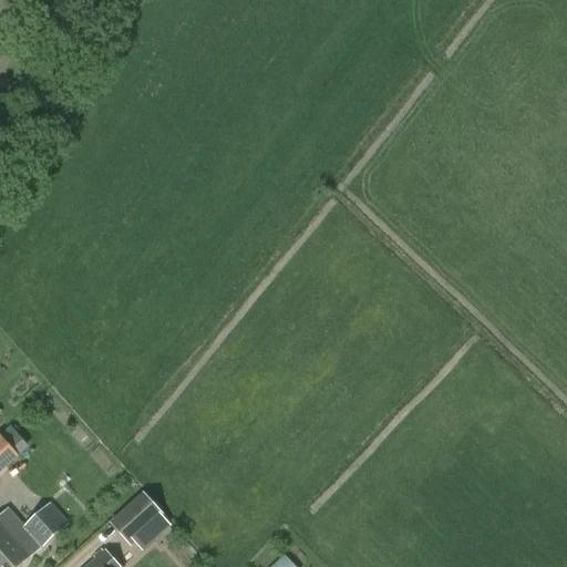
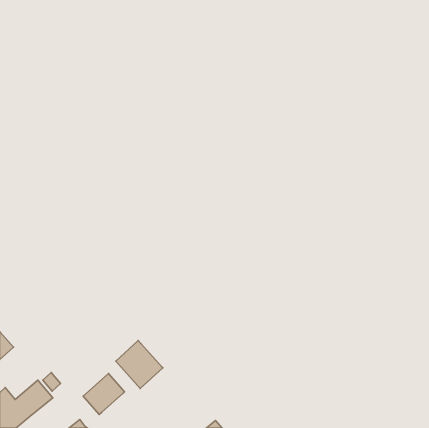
building: none -> [116,340,163,389]

